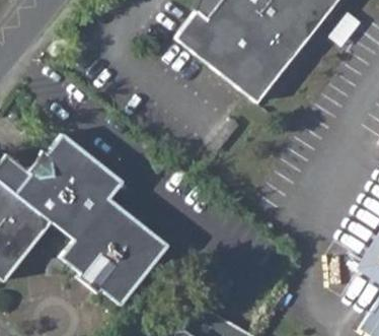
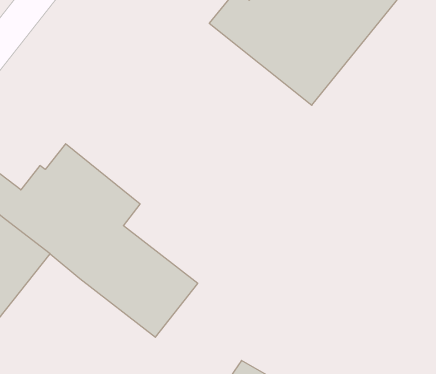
building: [59,239,132,303] -> none

